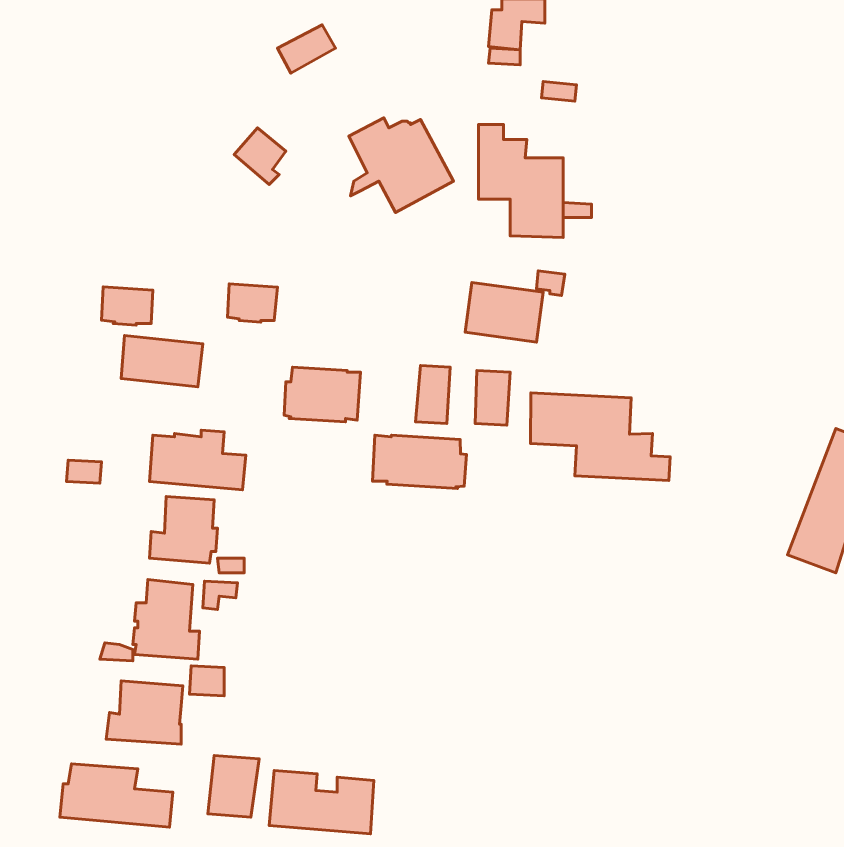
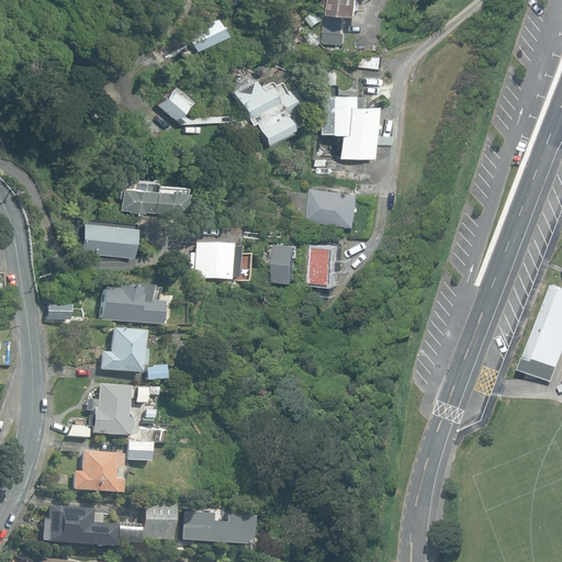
building: [101,287,153,325] -> [121,186,155,211]
building: [530,393,670,480] -> none
building: [372,435,467,489] -> none

